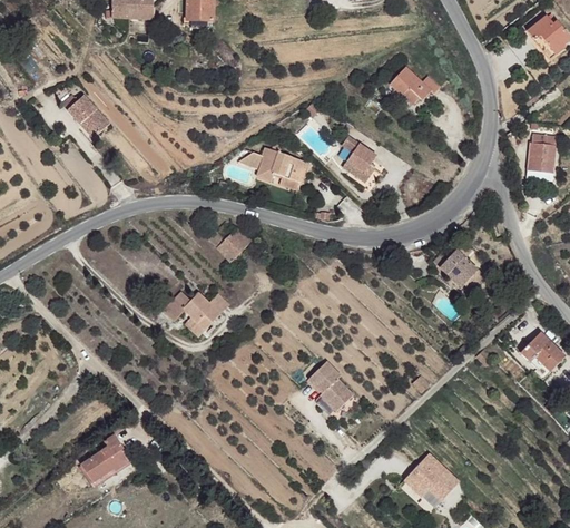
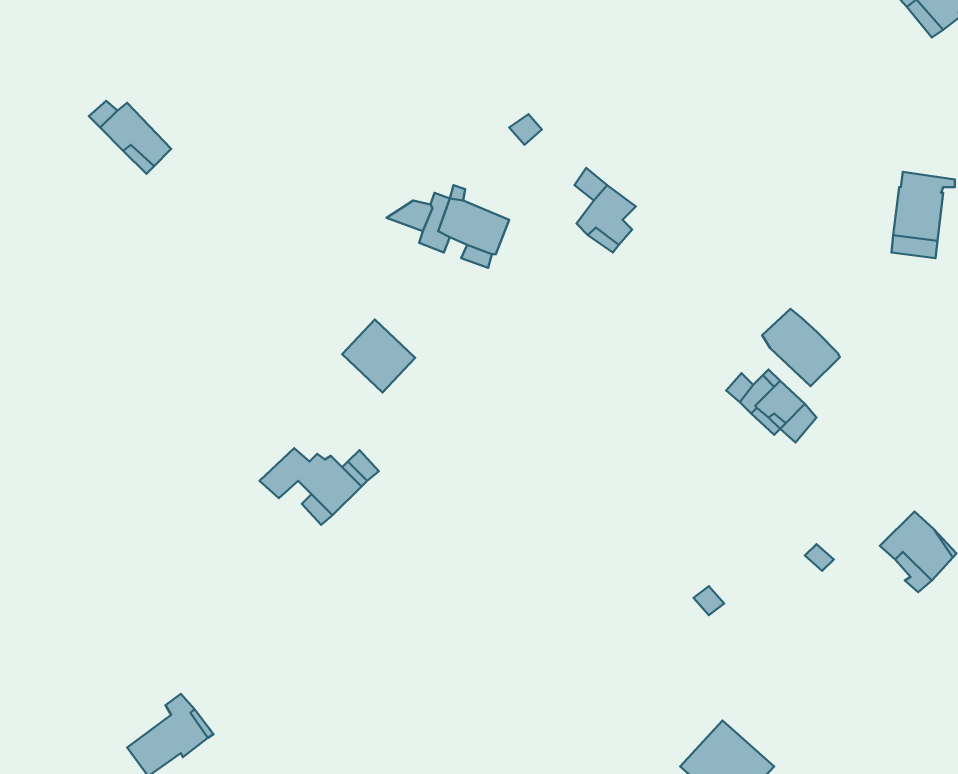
building: [391,65,442,104] -> none
building: none -> [762,309,840,386]
building: [308,361,353,411] -> none

